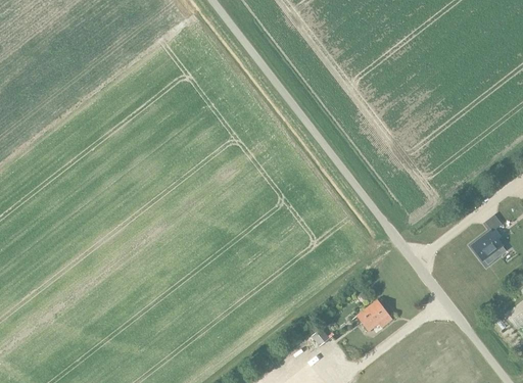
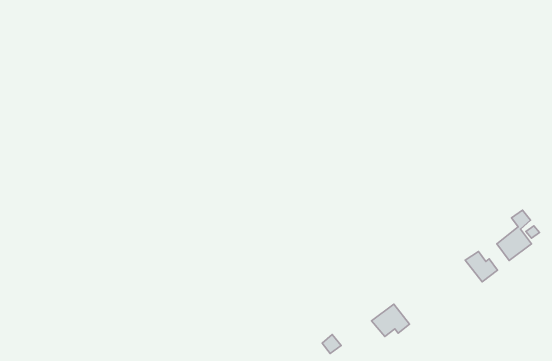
building: none -> [465,251,498,282]

